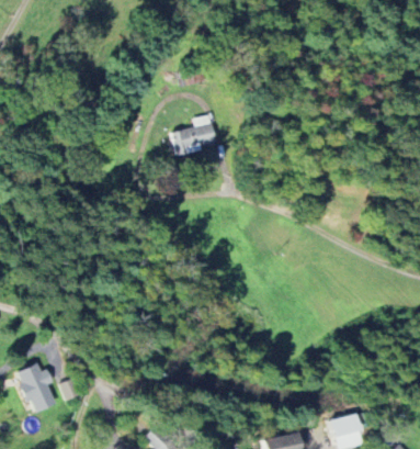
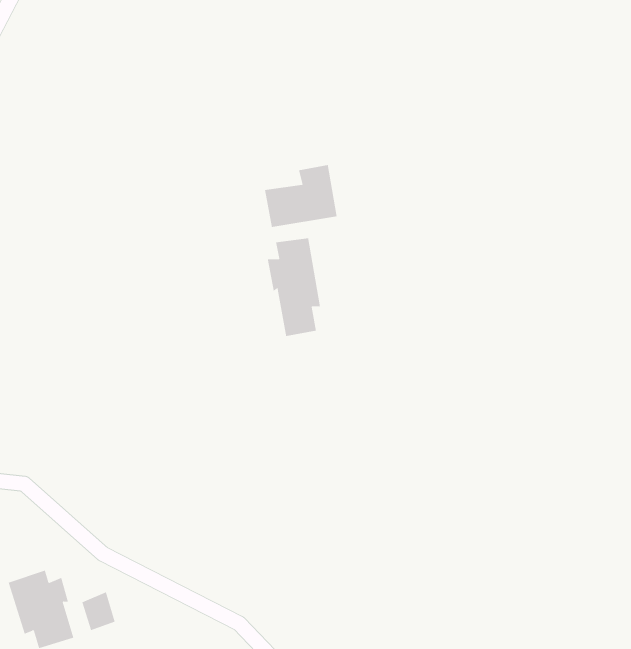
building: none -> [267,237,320,337]

